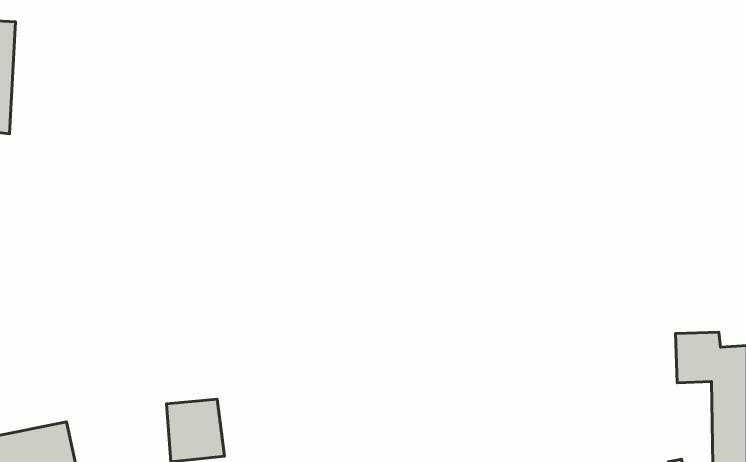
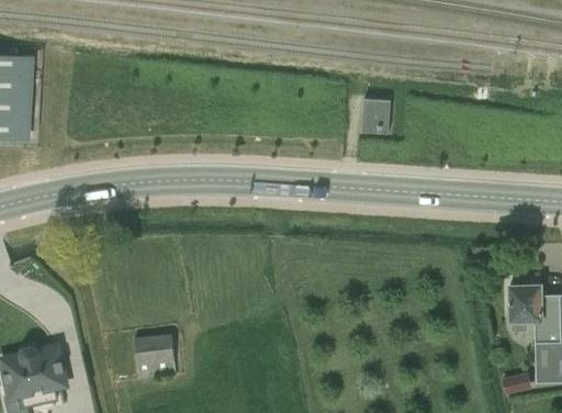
building: none -> [361,99,390,133]

